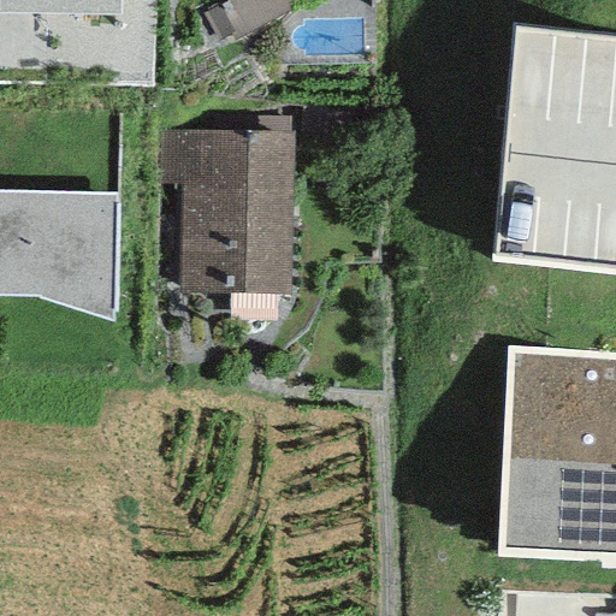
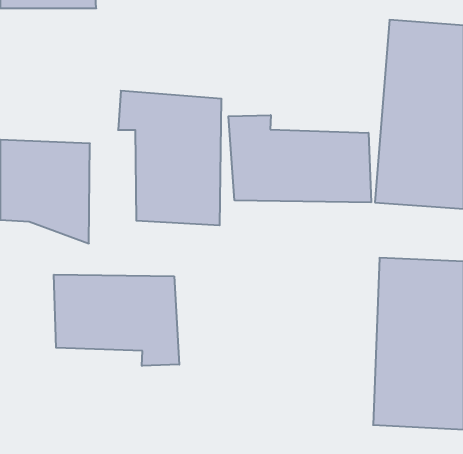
building: none -> [228,115,371,202]
building: none -> [54,275,179,366]

